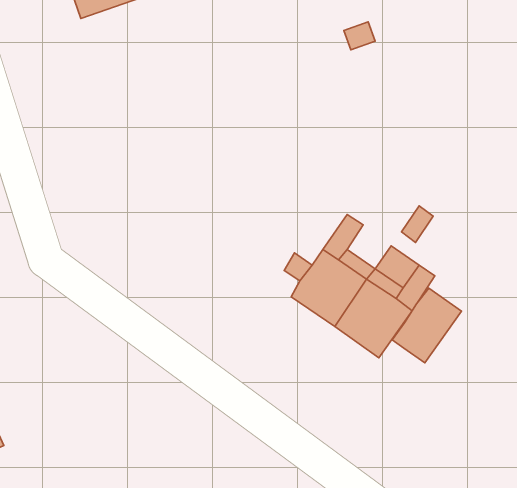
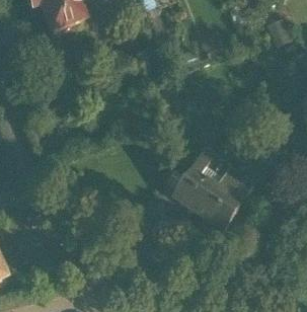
building: [392,288,462,363] -> none

